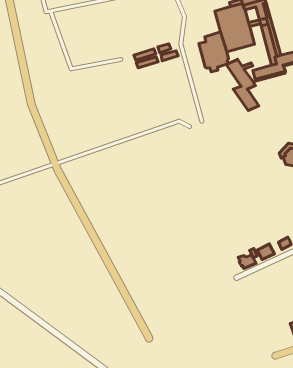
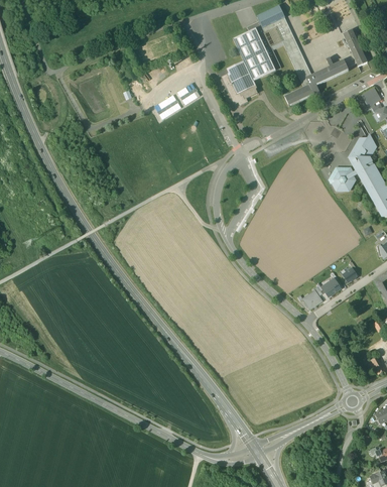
building: [226,59,259,110] -> none

